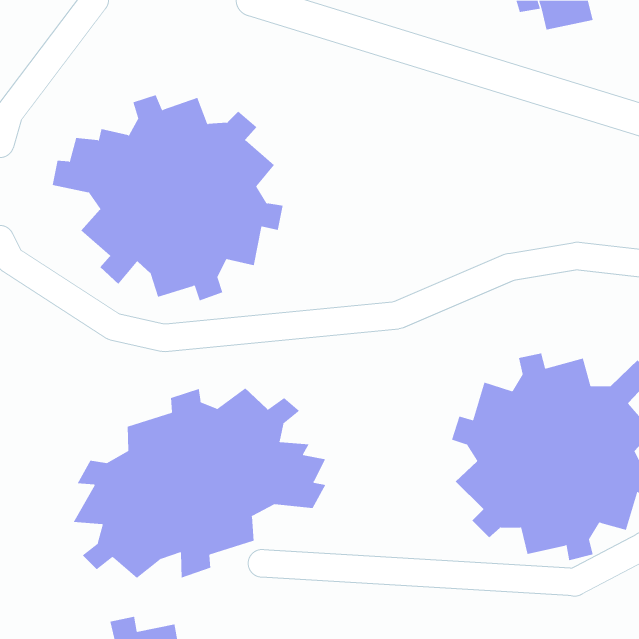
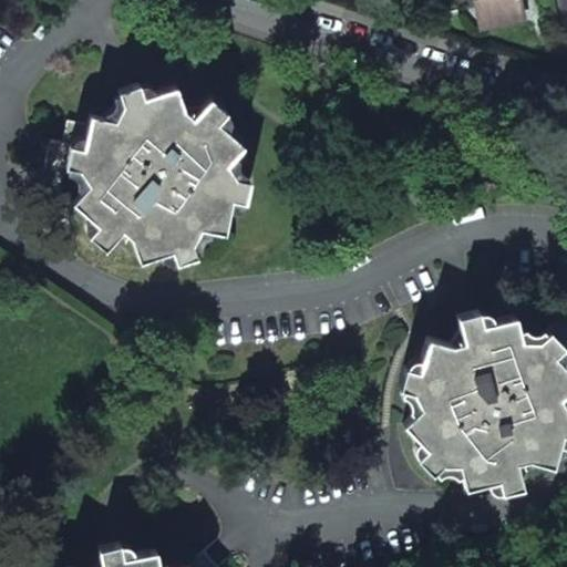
building: [73,387,326,579] -> none

